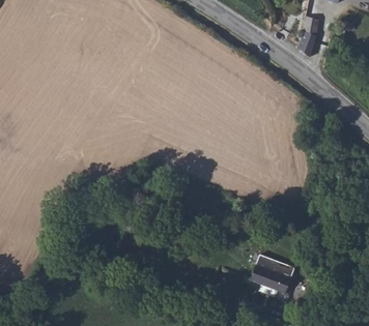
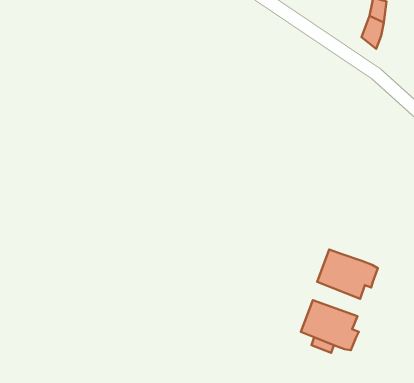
building: none -> [317,250,378,299]

